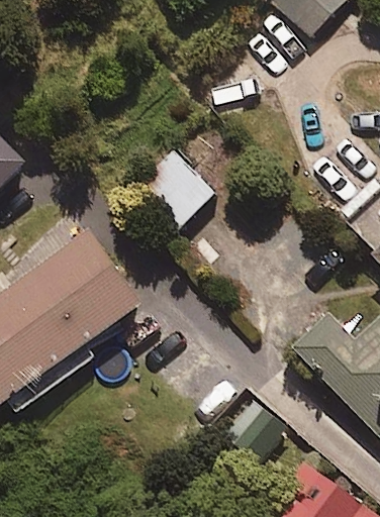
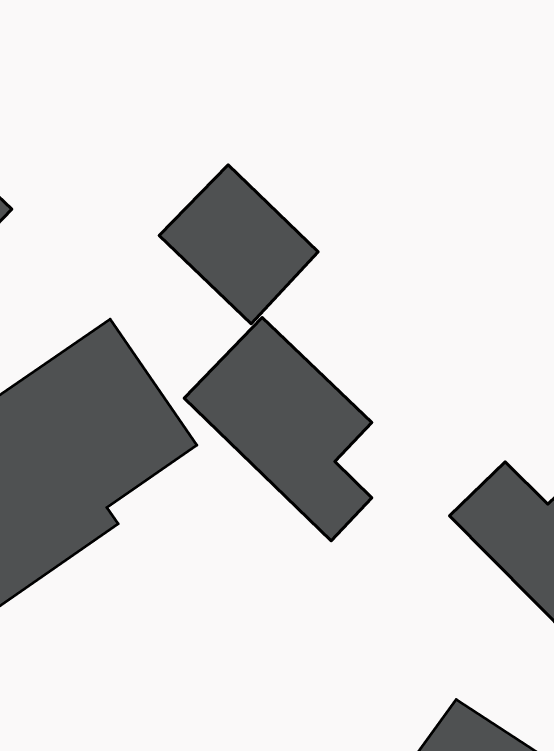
building: none -> [184,318,372,541]

